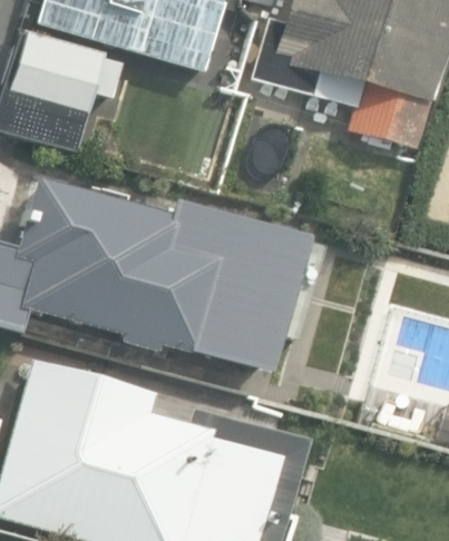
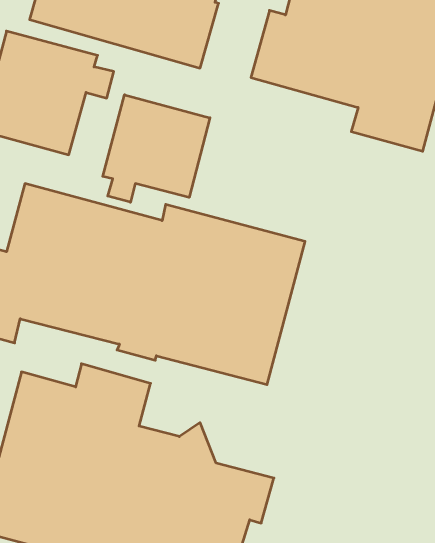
building: none -> [103,95,210,202]

